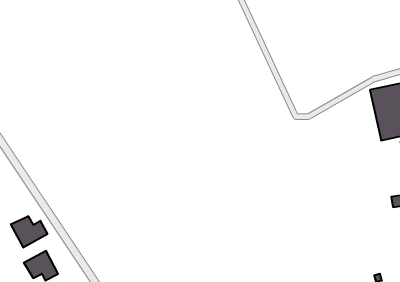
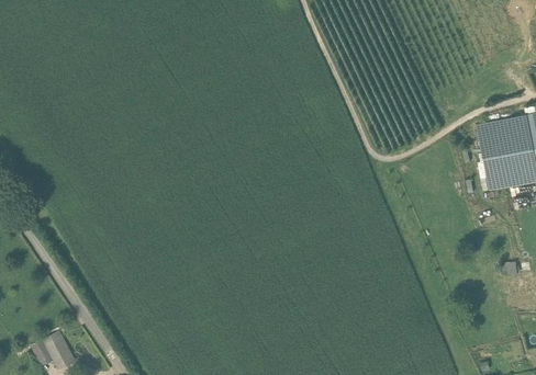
building: [11,216,47,248] -> none

